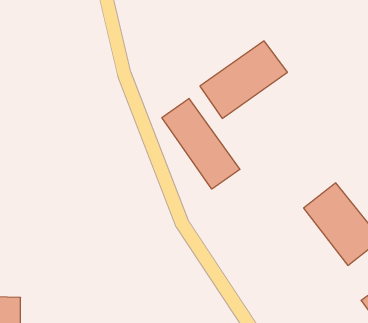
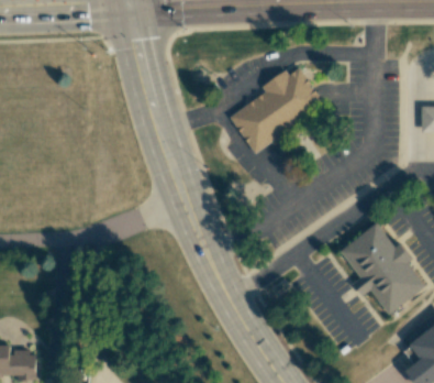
building: [162,98,240,189] -> none

